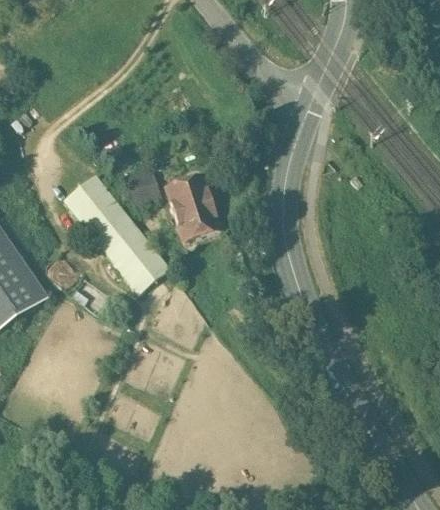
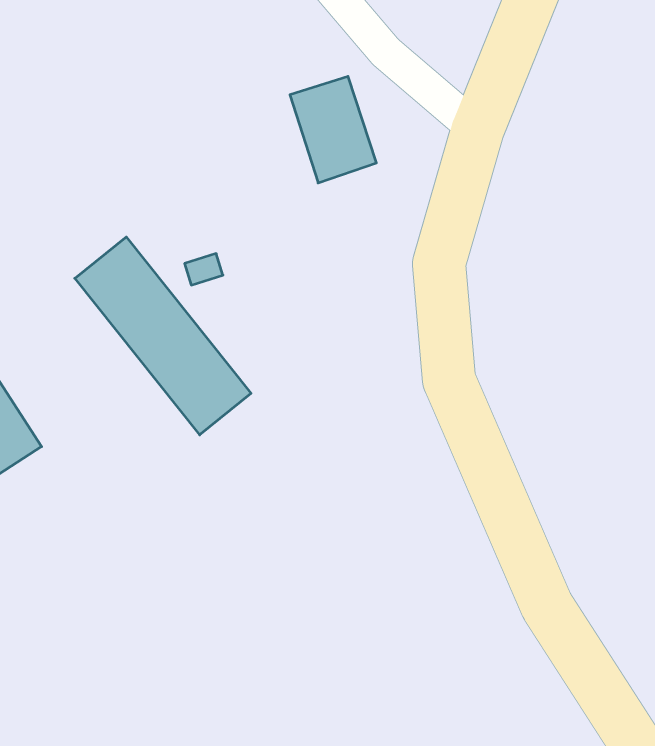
building: [167,175,219,239] -> [290,76,376,183]

